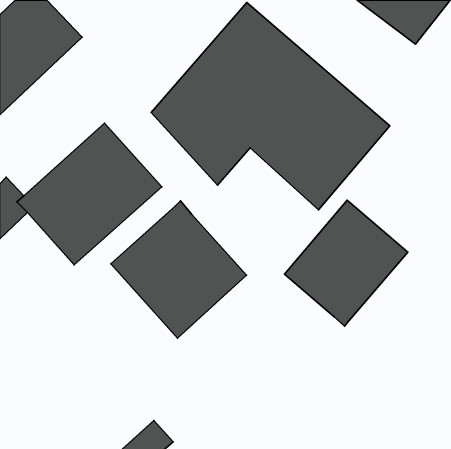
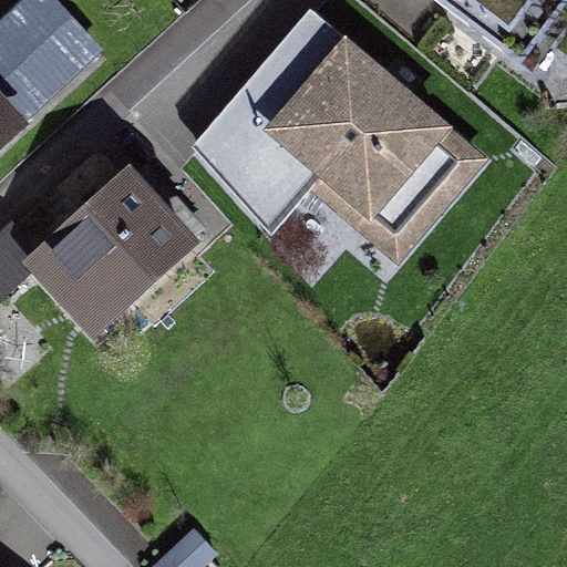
building: [285,200,408,326] -> none
building: [111,201,246,338] -> none

